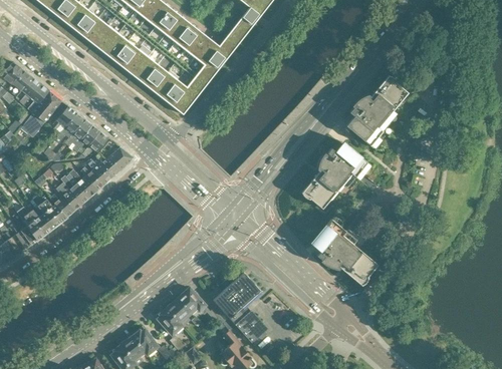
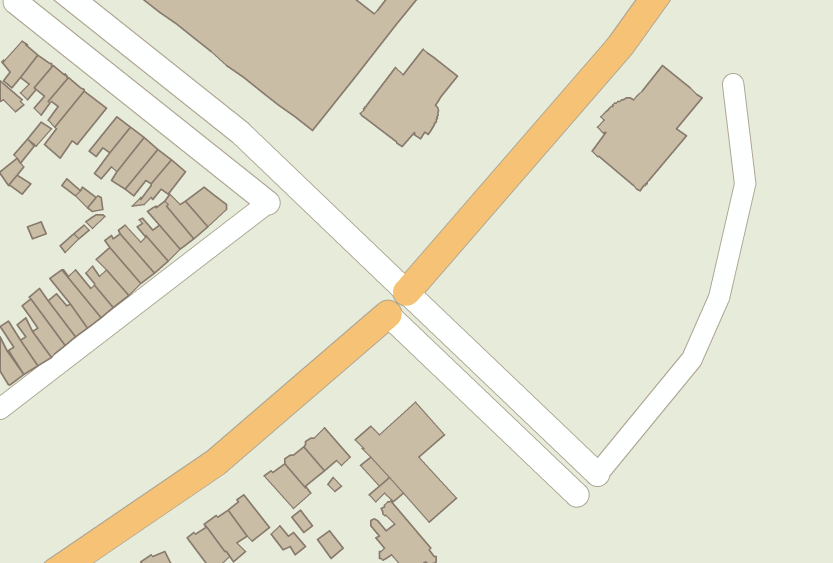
building: none -> [360,49,458,147]
building: [302,142,371,212] -> none
building: [311,216,380,285] -> none

